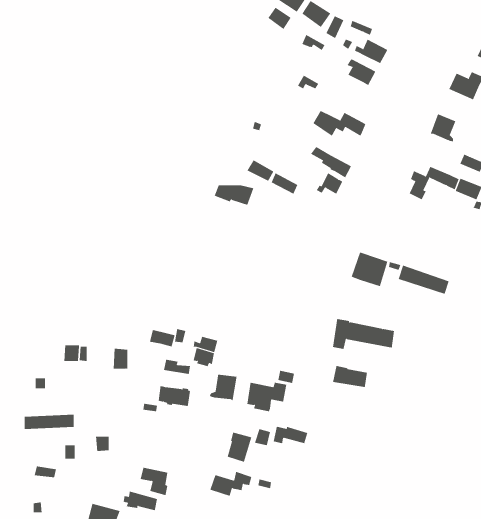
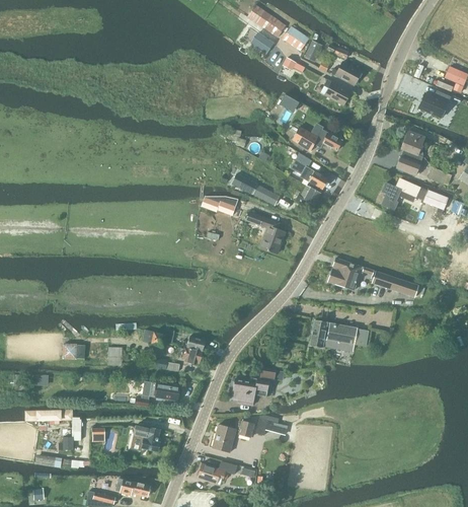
building: none -> [397,149,423,175]
building: none -> [246,211,286,254]
building: [333,365,368,388] -> none
building: [209,374,237,402] -> none
building: [140,467,168,496] -> [134,425,160,451]

